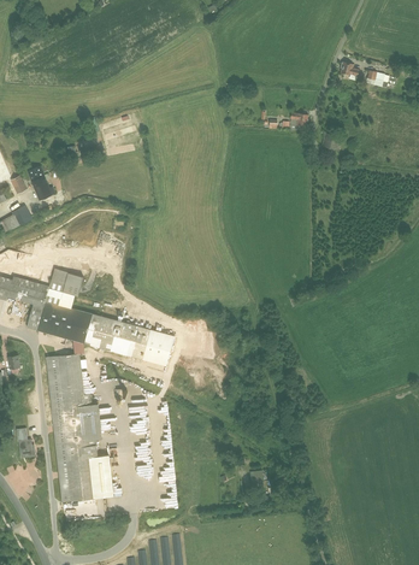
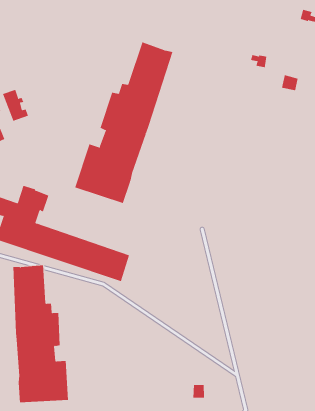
building: none -> [75,41,173,204]

